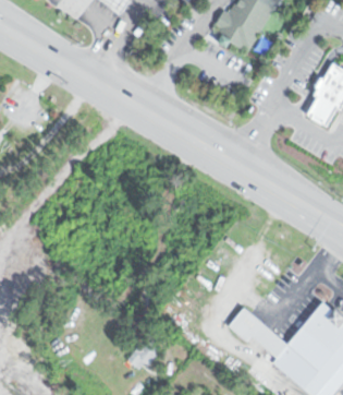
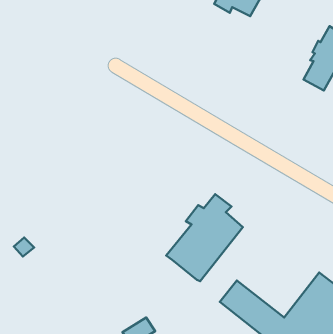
building: none -> [166,194,243,281]

